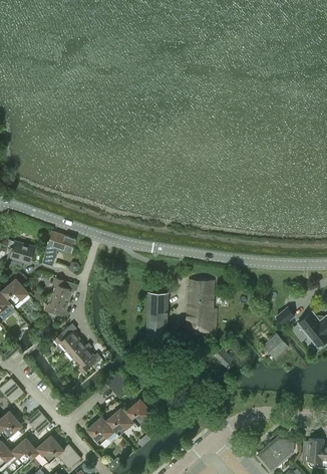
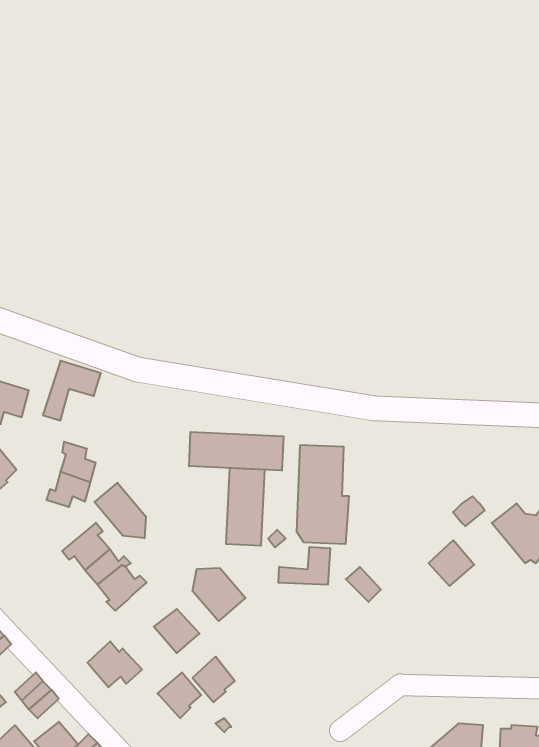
building: none -> [189,432,283,471]
building: none -> [94,483,146,538]
building: none -> [278,547,330,585]
building: none -> [193,568,245,621]
building: [88,417,119,443] -> [87,641,142,687]

